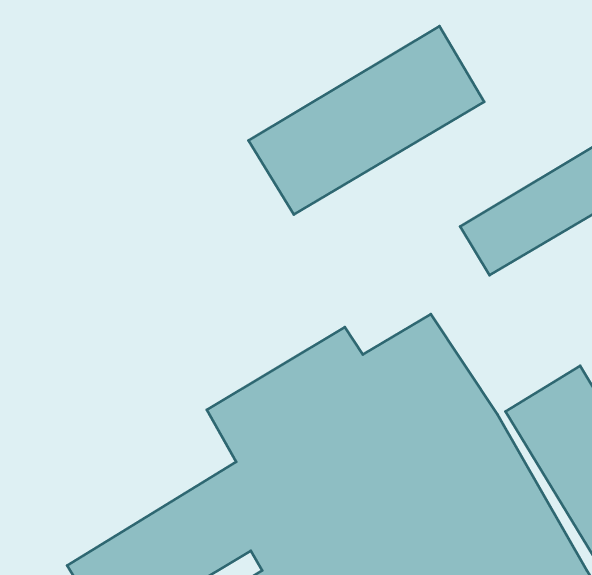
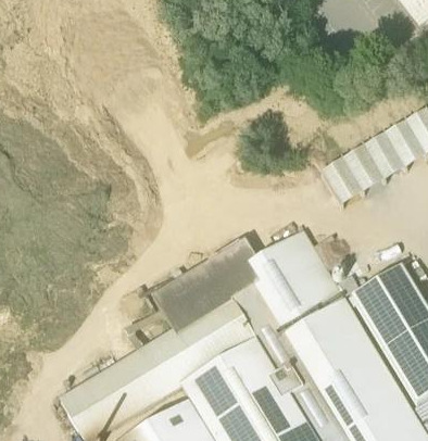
building: [248,26,484,215] -> none

